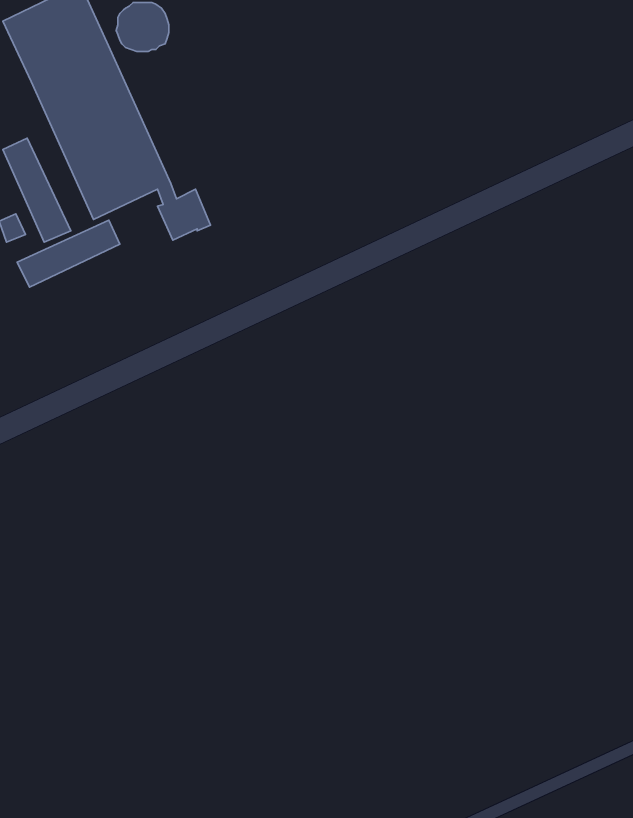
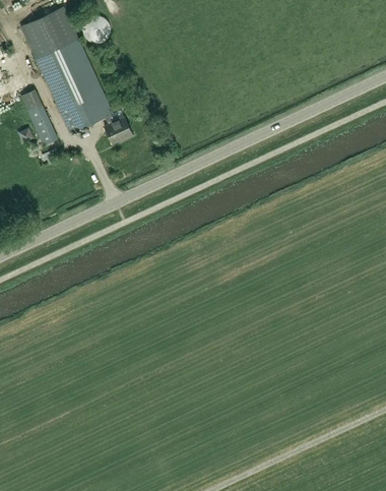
building: [17,220,120,287] -> none

